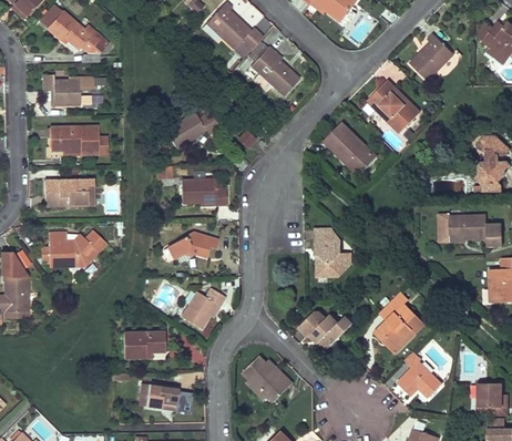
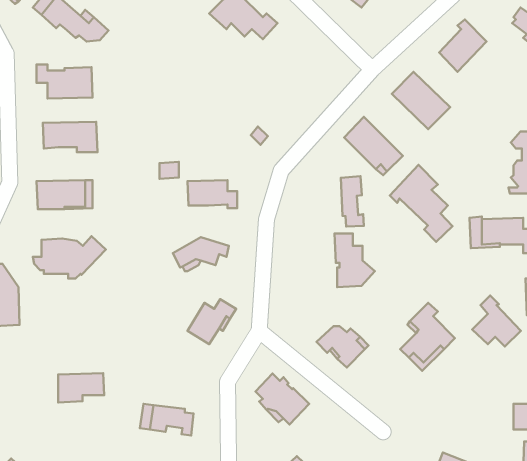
building: [250,47,299,96] -> none
building: [165,111,219,148] -> none
building: none -> [390,165,452,242]
building: none -> [341,176,364,226]
building: [123,331,165,358] -> [58,373,104,402]
building: [397,351,441,398] -> [472,296,521,347]

